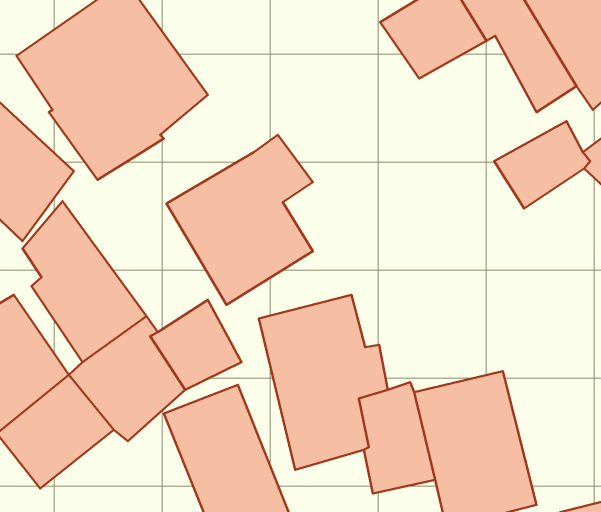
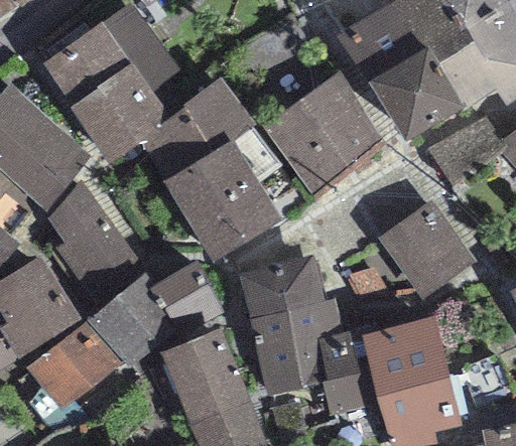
building: none -> [367,46,462,141]
building: none -> [263,70,381,194]
building: none -> [140,75,255,181]
building: none -> [377,199,477,300]

